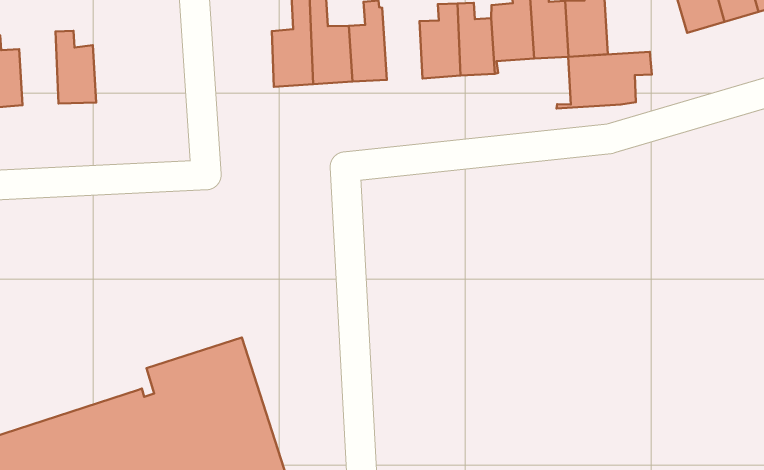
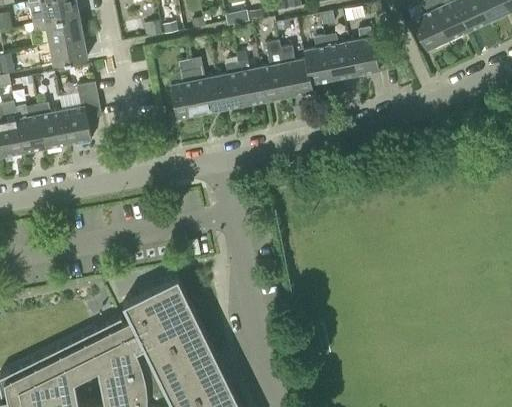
building: none -> [236,60,267,106]
building: none -> [61,82,102,145]
building: none -> [16,105,45,153]
building: [556,52,652,109] -> none

